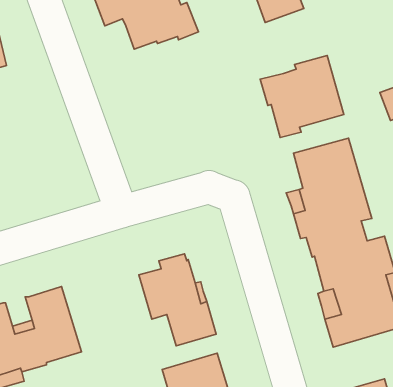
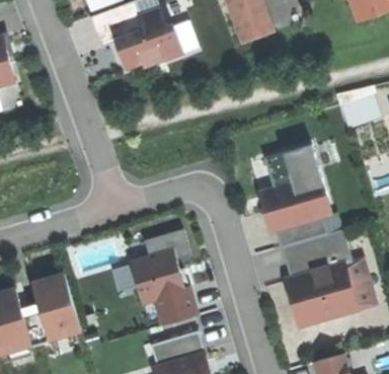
building: [260,55,344,137] -> none

